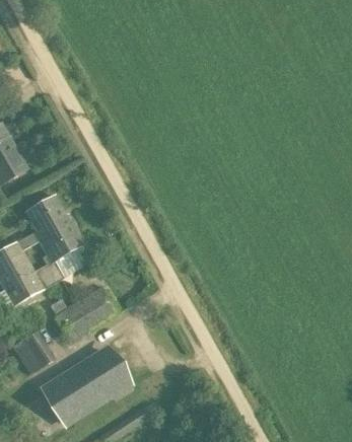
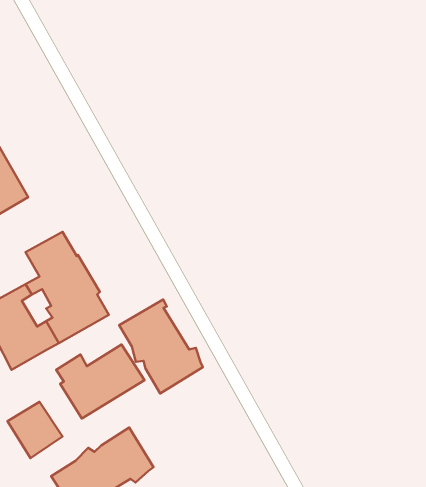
building: none -> [119,299,203,393]

